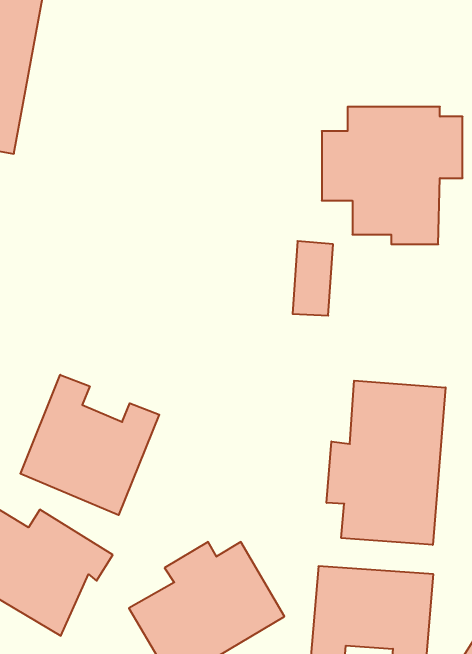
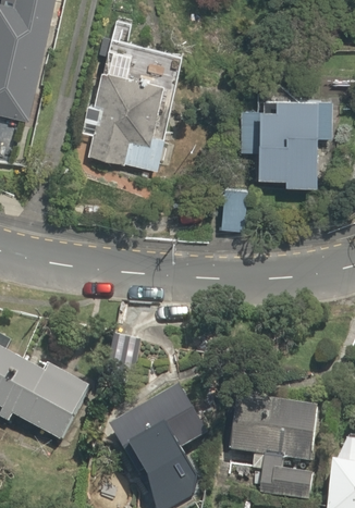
building: none -> [83,36,184,171]
building: [20,375,159,515] -> none
building: [327,381,446,545] -> none

